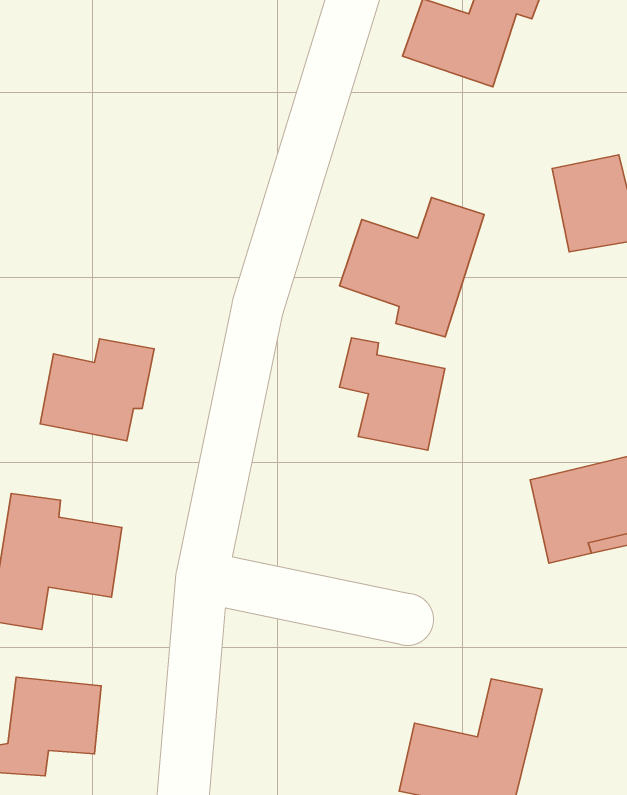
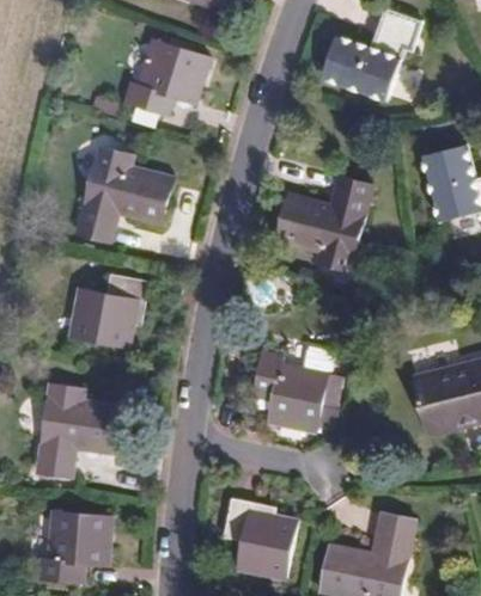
building: none -> [123,41,208,113]
building: none -> [74,147,172,242]
building: [339,338,445,450] -> [252,350,327,429]
building: none -> [224,500,298,583]

